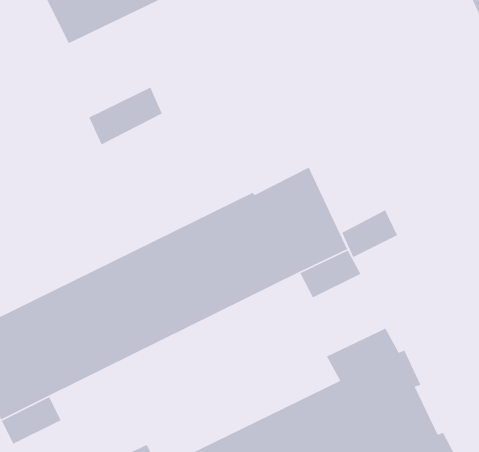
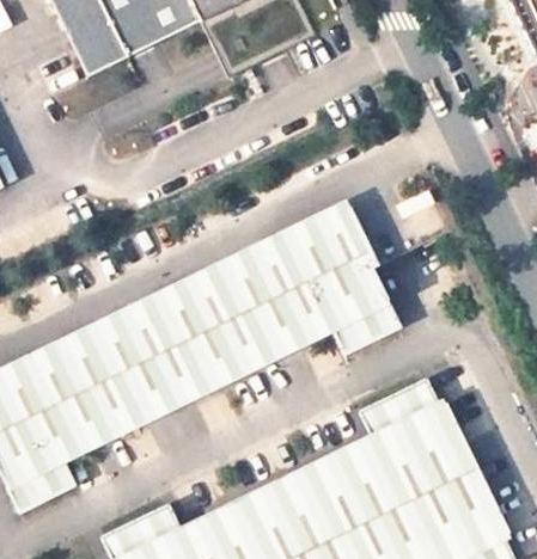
building: [88,87,163,145] -> none
building: [341,209,398,258] -> none

